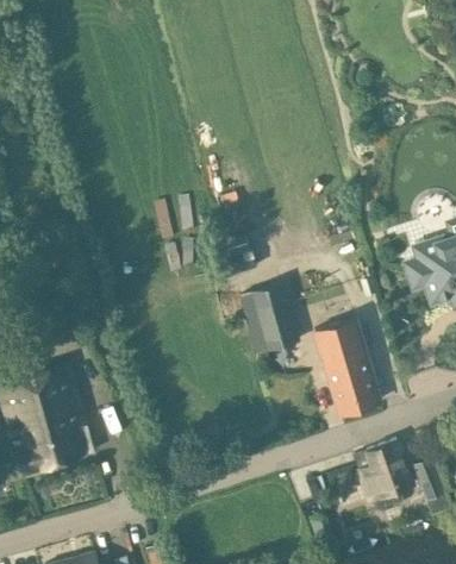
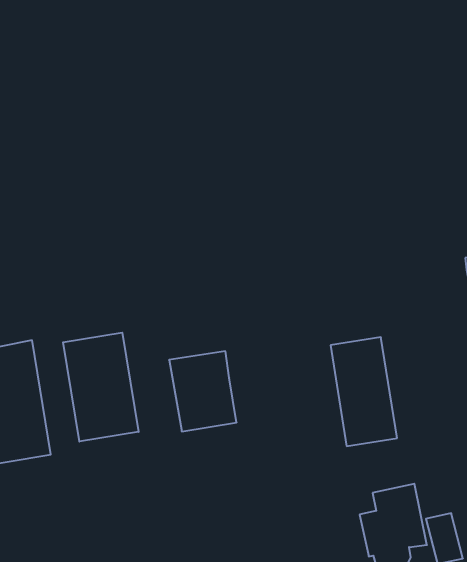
building: [235,286,296,356] -> [169,351,237,431]
building: none -> [63,333,139,442]

